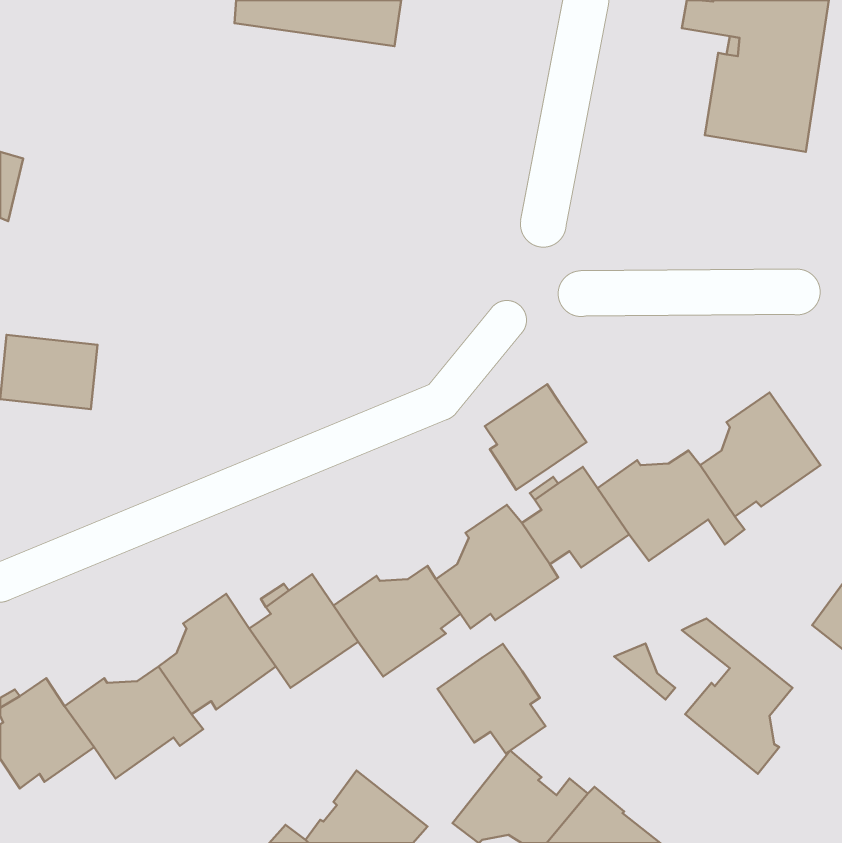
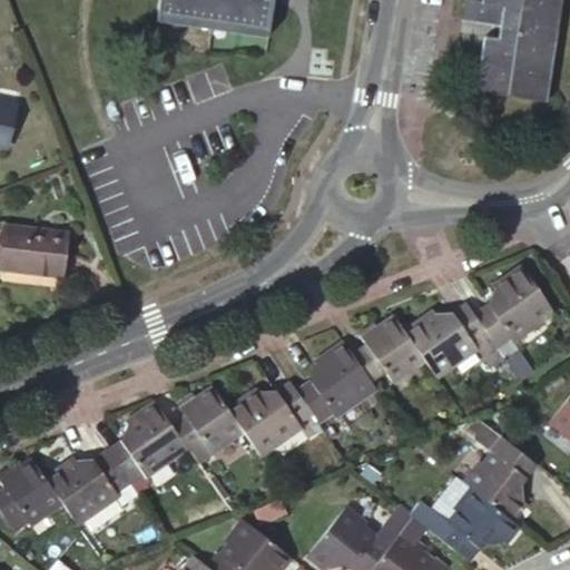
building: [485,384,587,490] -> none
building: [437,644,546,754] -> none
building: none -> [410,488,519,564]

